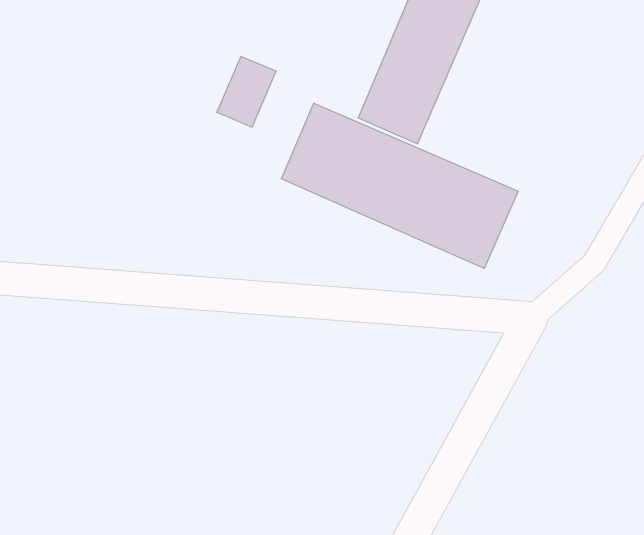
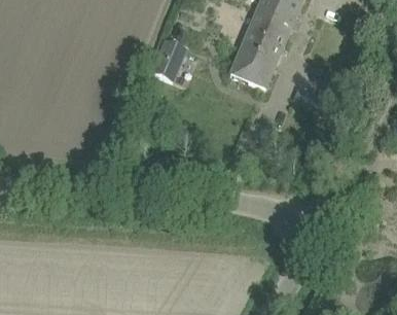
building: [282,103,518,268] -> none

